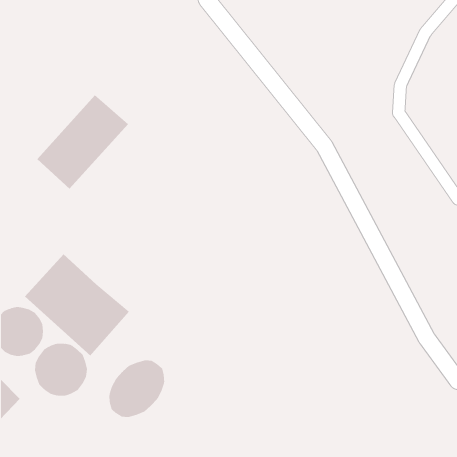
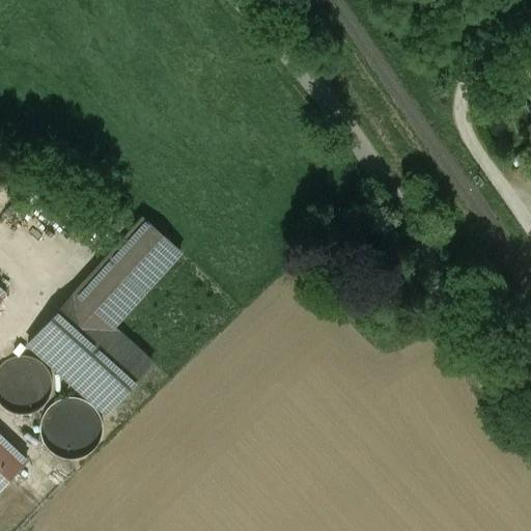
building: [36,95,129,190] -> [75,219,181,329]
building: [109,359,165,418] -> none

